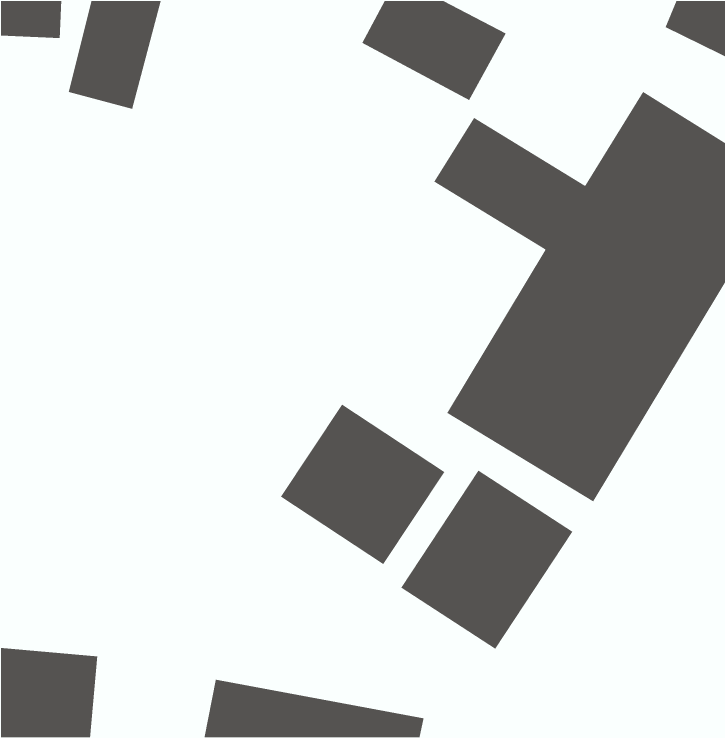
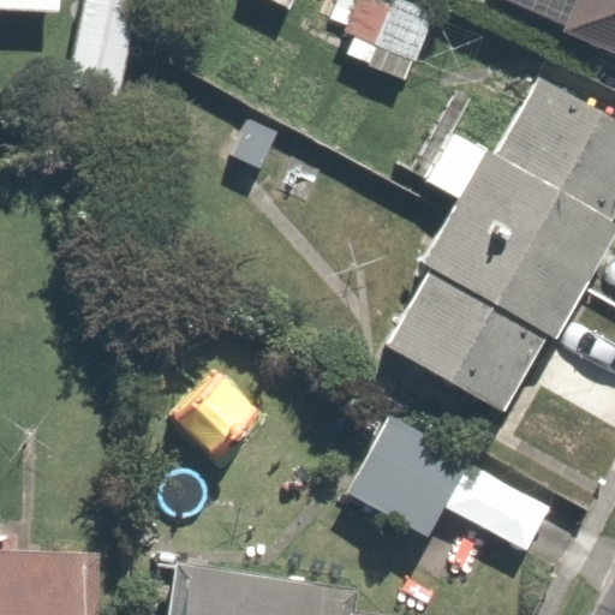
building: [280,404,445,565] -> none

